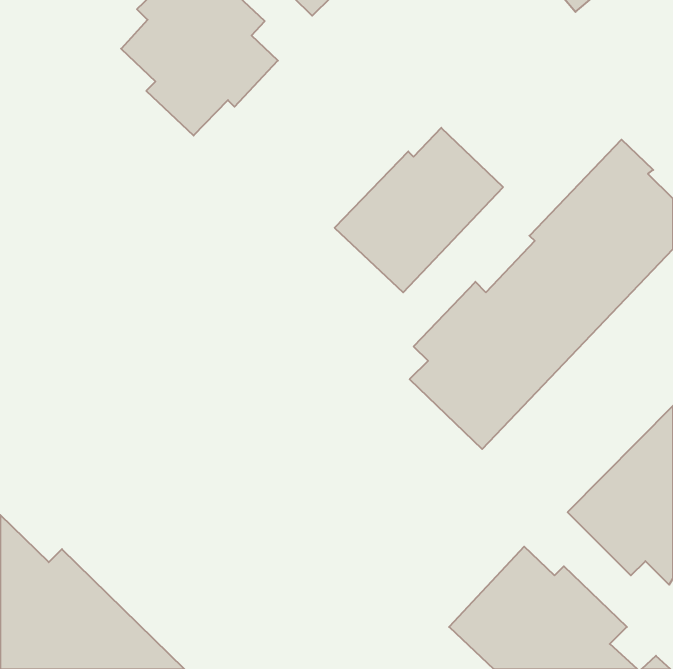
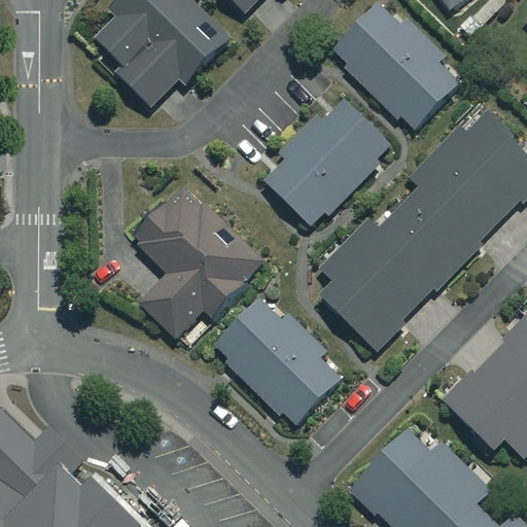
building: none -> [330,4,457,131]
building: none -> [132,187,265,337]
building: none -> [212,298,341,426]

